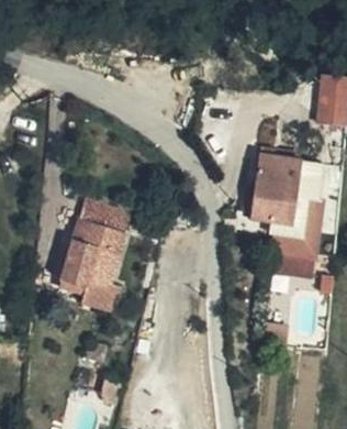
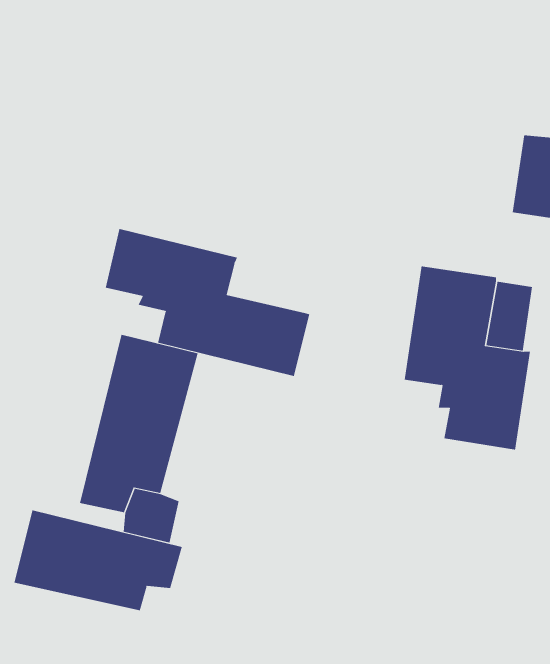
building: none -> [105,228,310,377]
building: none -> [14,509,183,611]

